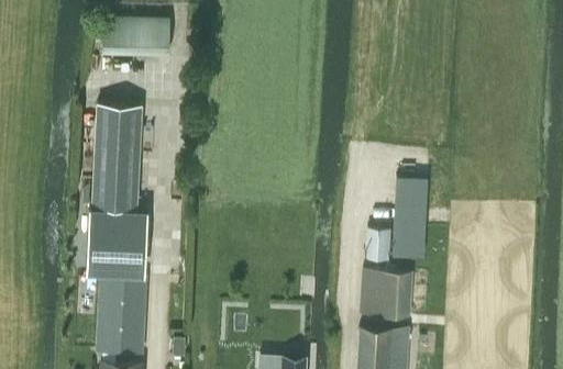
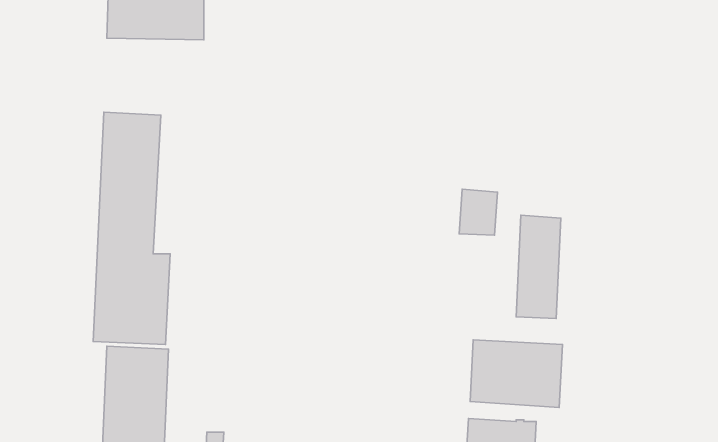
building: [364,228,391,261] -> [459,189,498,235]

